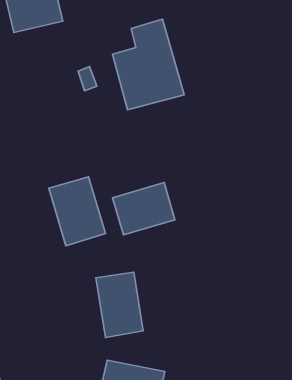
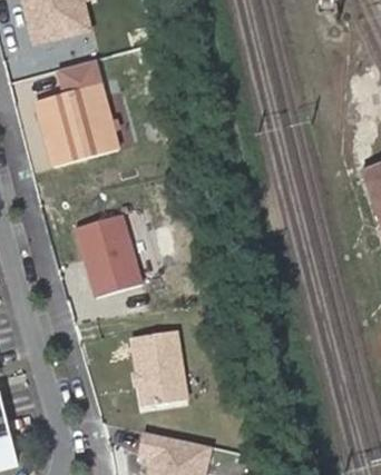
building: [112,19,184,110] -> [35,61,119,168]
building: [112,182,175,235] -> none

